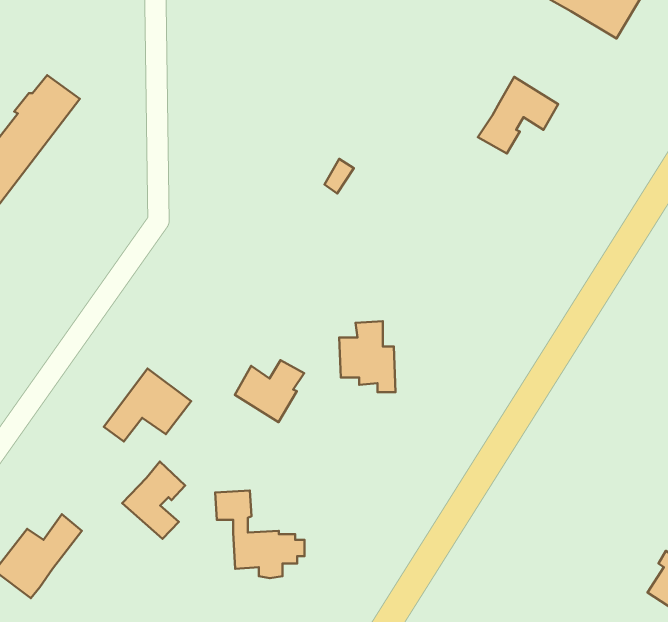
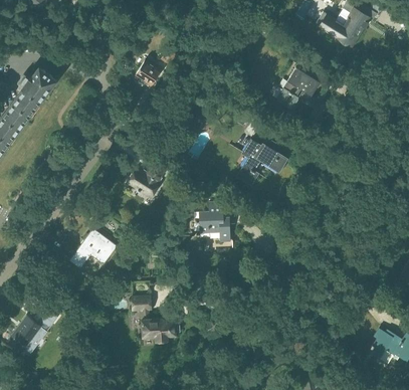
building: none -> [135,59,161,86]
building: none -> [237,138,286,184]
building: [235,360,304,422] -> [128,165,166,199]
building: [122,461,185,539] -> none

